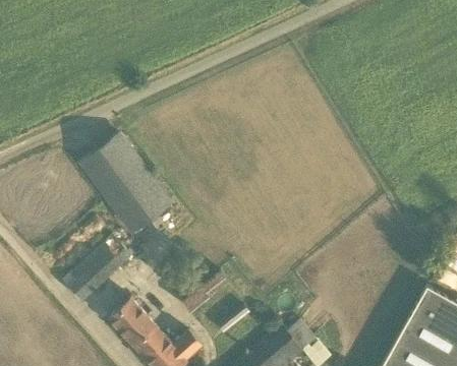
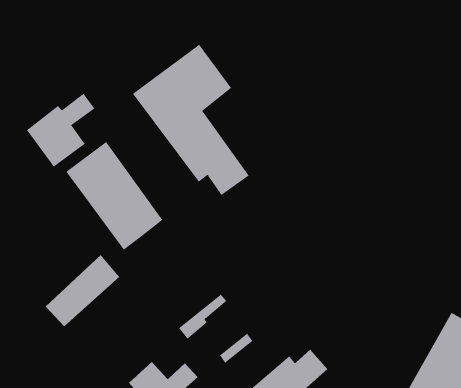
building: none -> [132,44,250,196]
building: none -> [26,93,95,168]
building: [109,301,159,351] -> none

